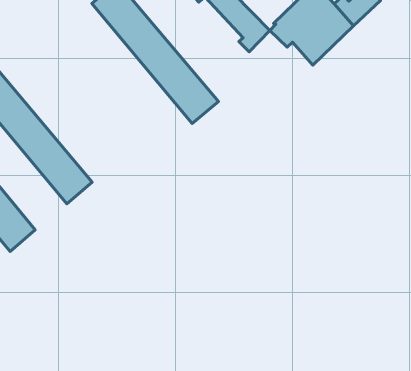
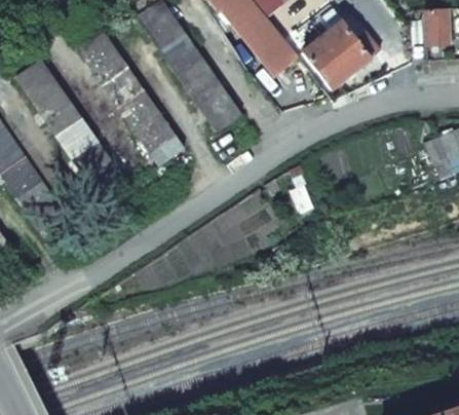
building: none -> [79,32,184,166]

